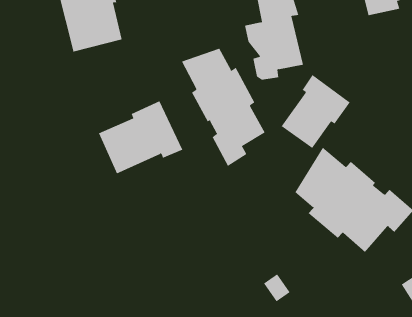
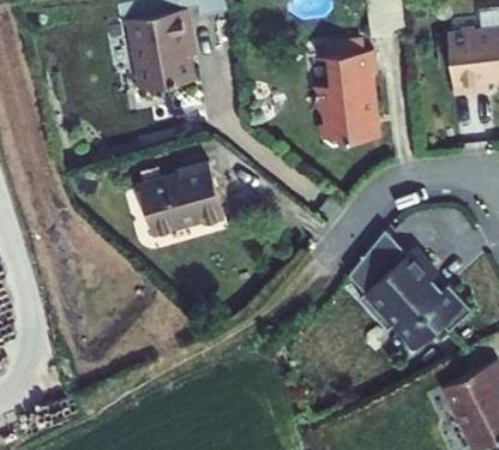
building: [181,48,265,167] -> none
building: [281,74,351,149] -> none

